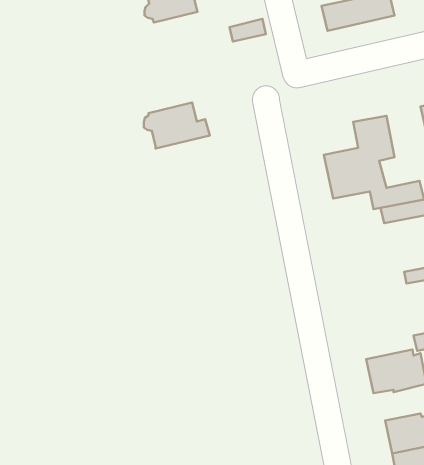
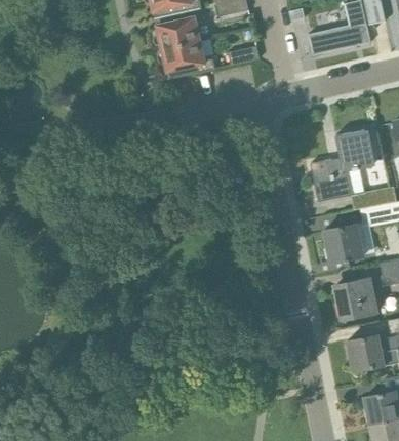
building: [144,103,210,149] -> [158,40,215,80]
building: none -> [324,224,362,263]
building: none -> [335,277,382,319]

